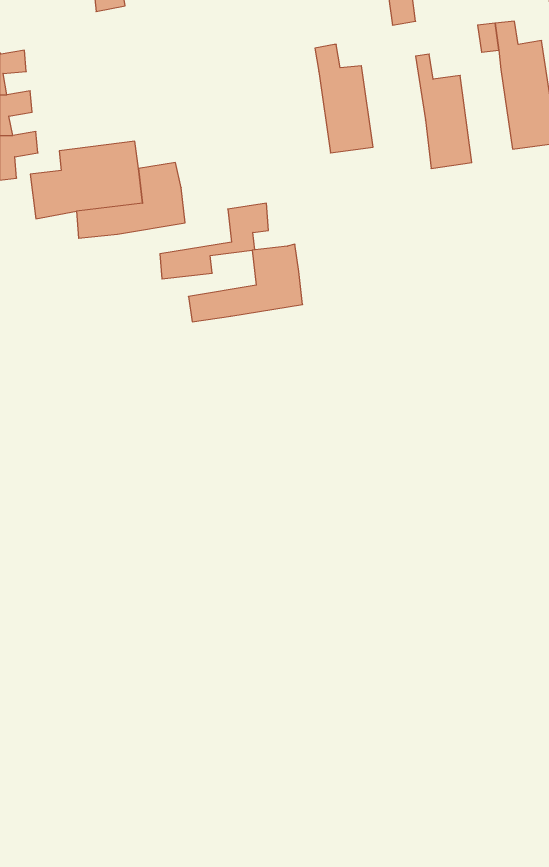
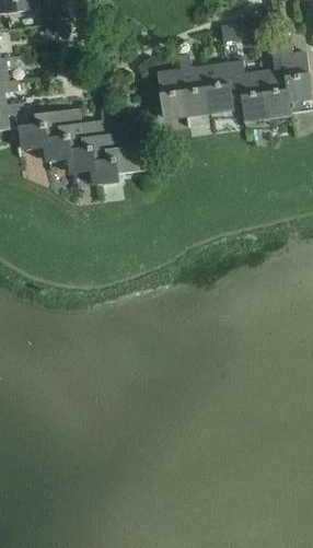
building: none -> [205,60,241,115]
building: none -> [260,68,291,120]
building: none -> [149,69,187,119]
building: [188,244,303,322] -> [67,131,131,175]

